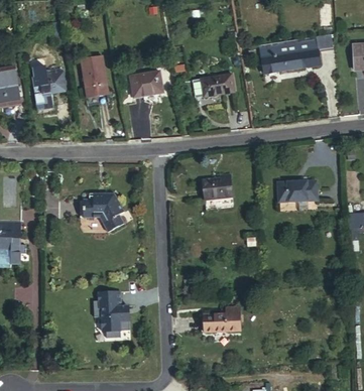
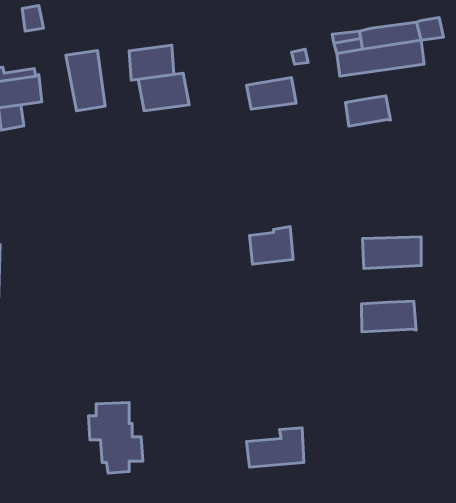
building: none -> [129,45,174,80]
building: none -> [346,96,391,126]
building: [84,189,123,228] -> none
building: none -> [361,301,416,332]

